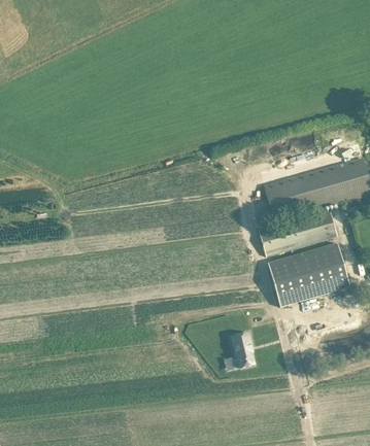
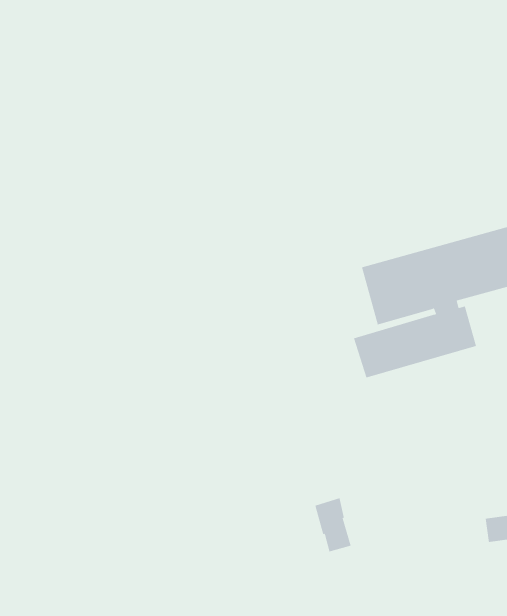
building: [267,242,348,306] -> none

